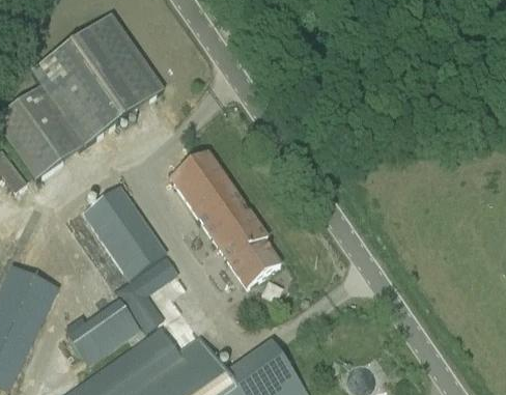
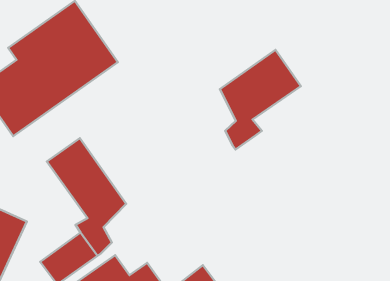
building: none -> [220,50,301,150]
building: [171,151,281,287] -> none

